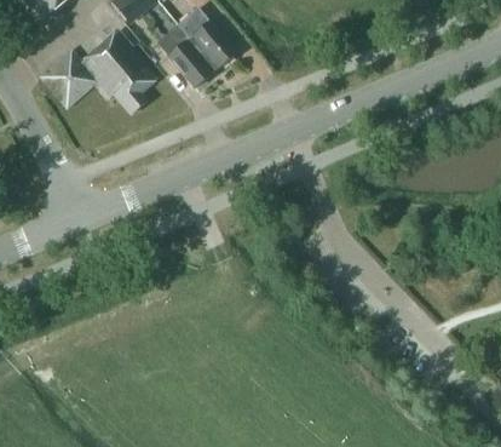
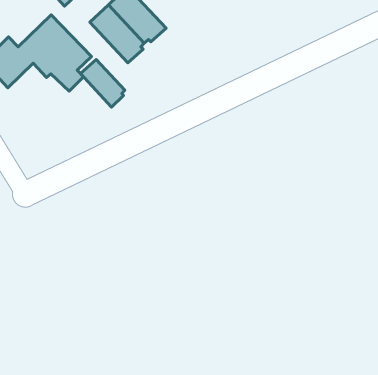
building: none -> [80,60,125,107]

